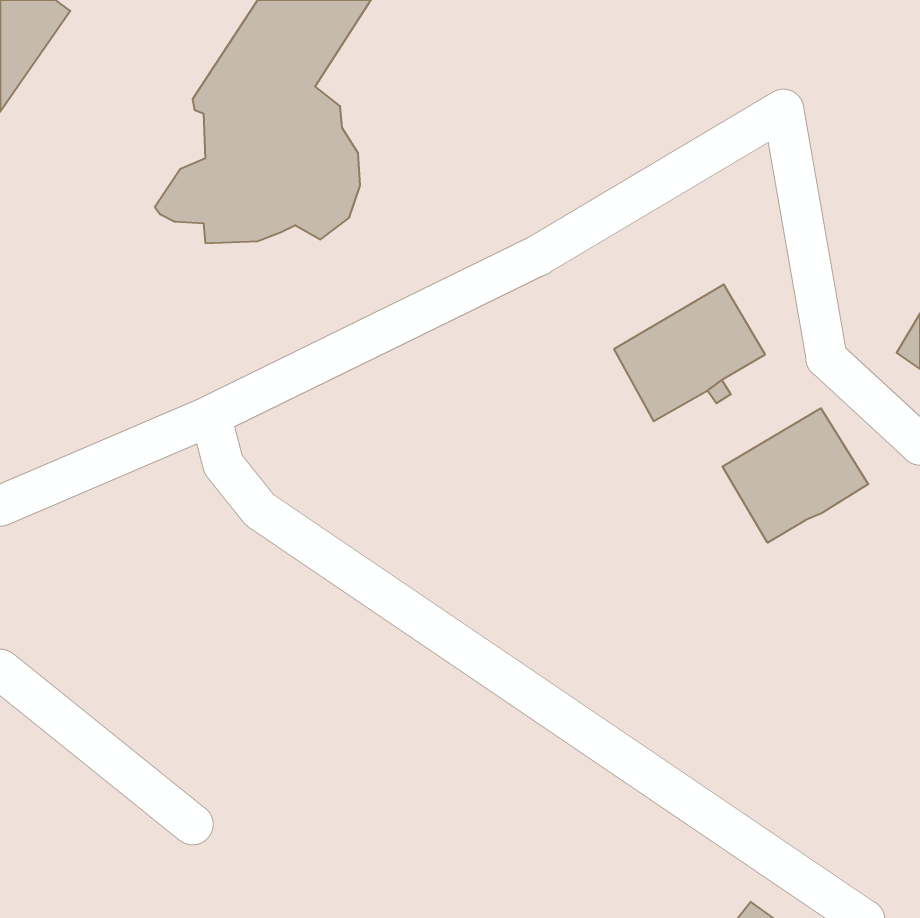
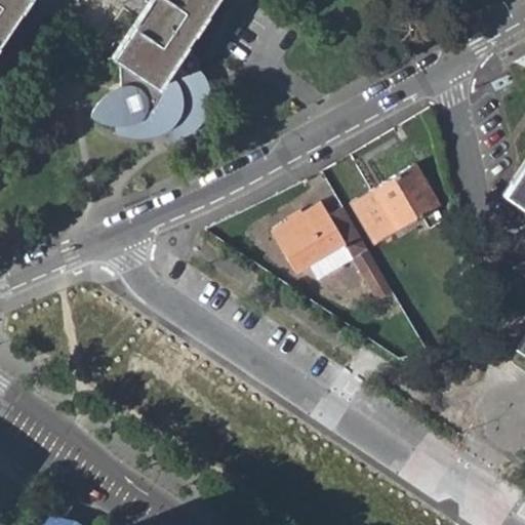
building: none -> [271,202,392,296]
building: [723,408,868,543] -> none

